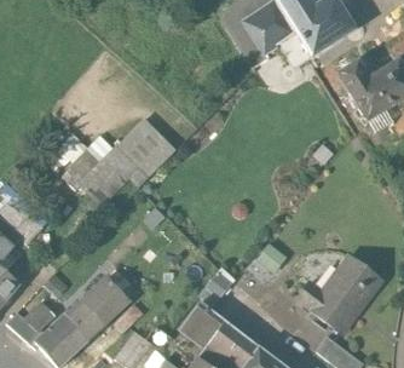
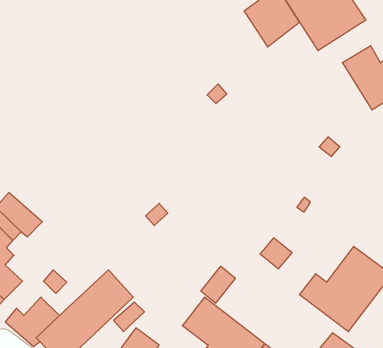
building: [63,116,179,205] -> none

